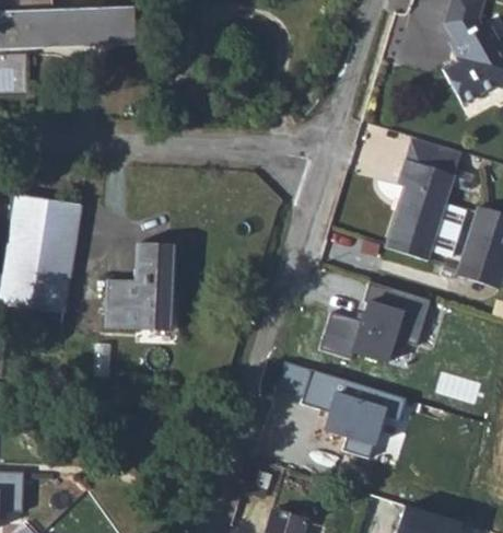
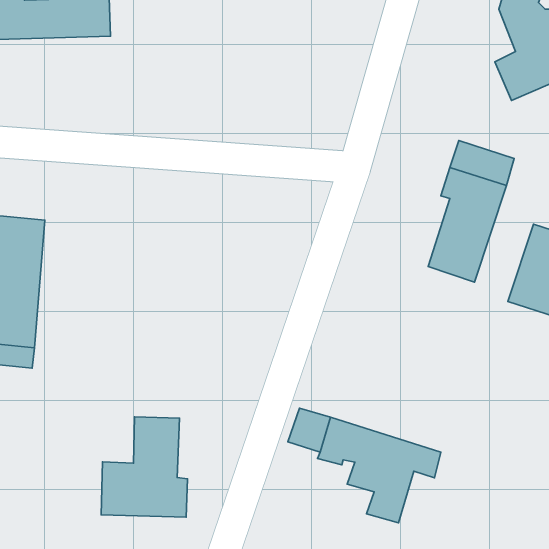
building: [105,240,178,325] -> [101,417,187,517]
building: [318,282,429,363] -> none

